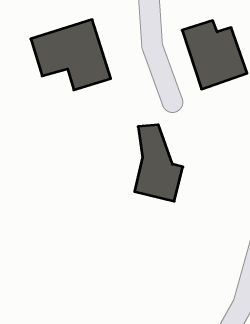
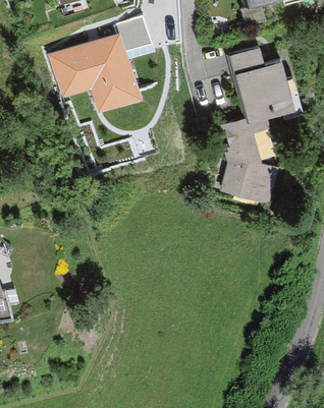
building: [135,125,183,201] -> [219,116,275,205]

